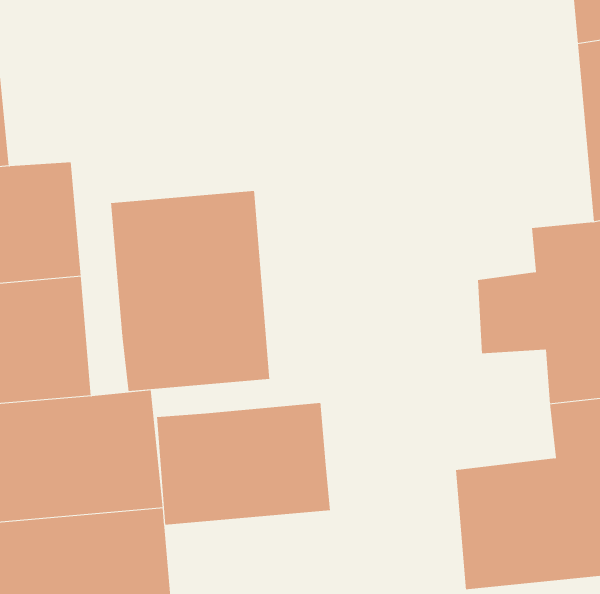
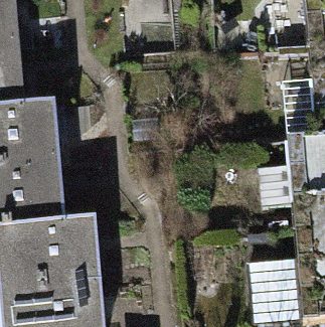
building: [110,190,270,392] -> none
building: [157,402,331,526] -> none

